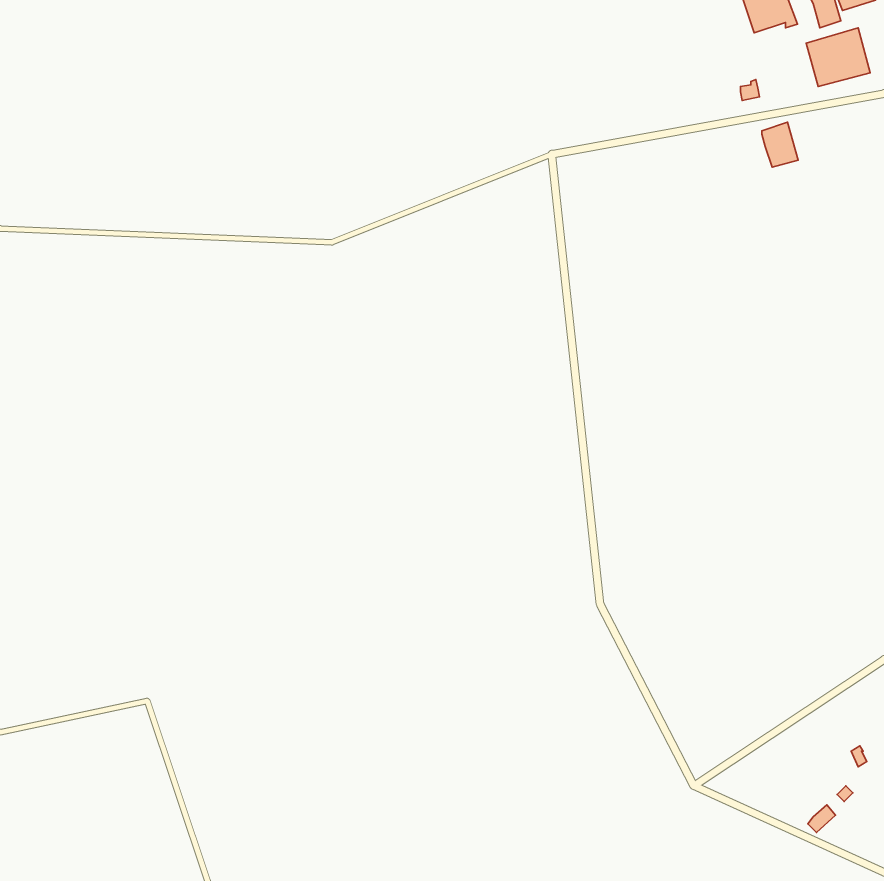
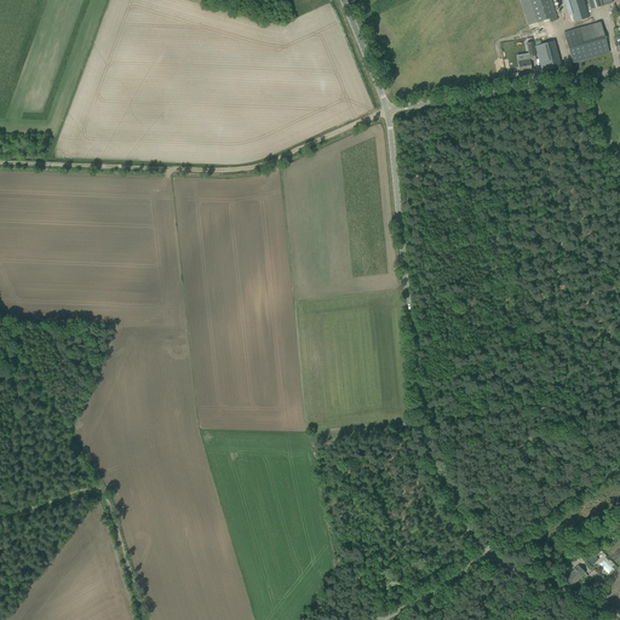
building: [762,122,798,167] -> [535,38,561,69]

